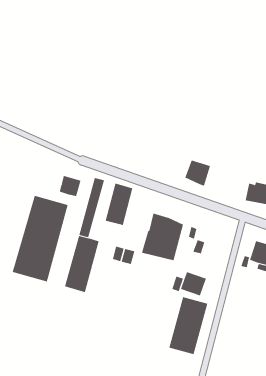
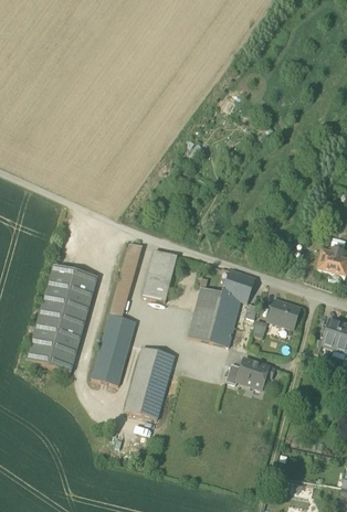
building: [184,160,211,186] -> [222,269,255,302]
building: [59,175,81,197] -> none
building: none -> [267,299,301,328]
building: [168,296,208,355] -> [125,345,175,418]

